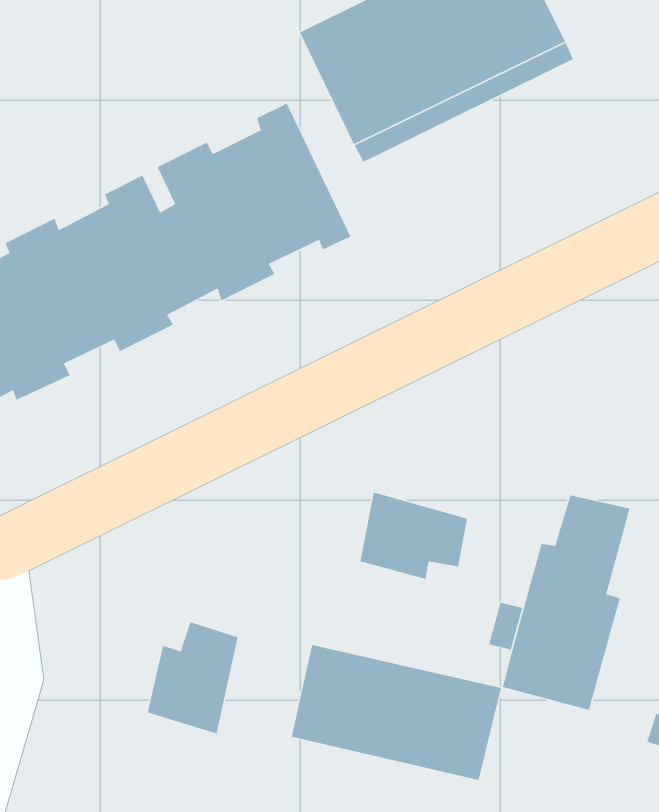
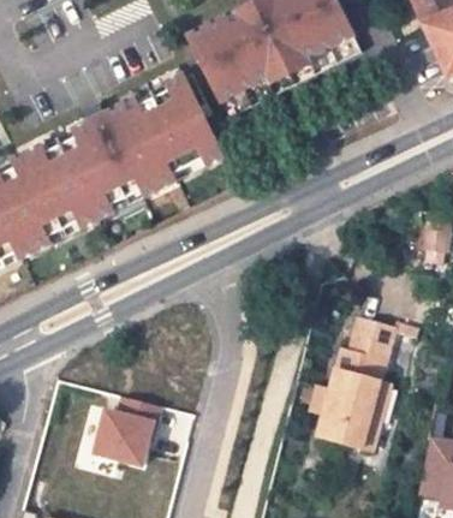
building: [359,492,468,580] -> none
building: [291,644,502,781] -> none

